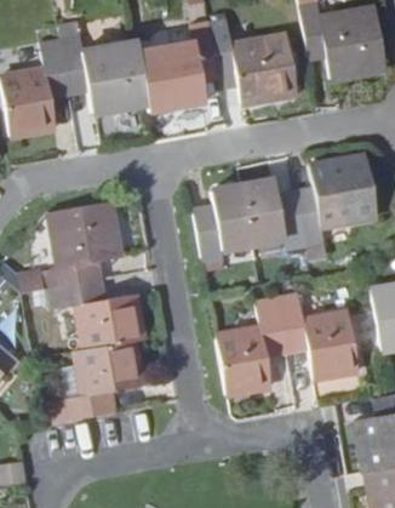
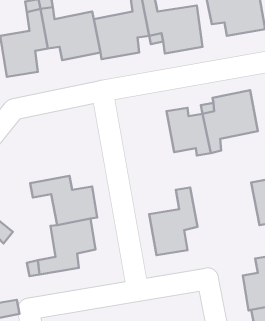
building: [195,187,254,267] -> none
building: [18,201,120,295] -> none
building: [277,292,359,379] -> none

